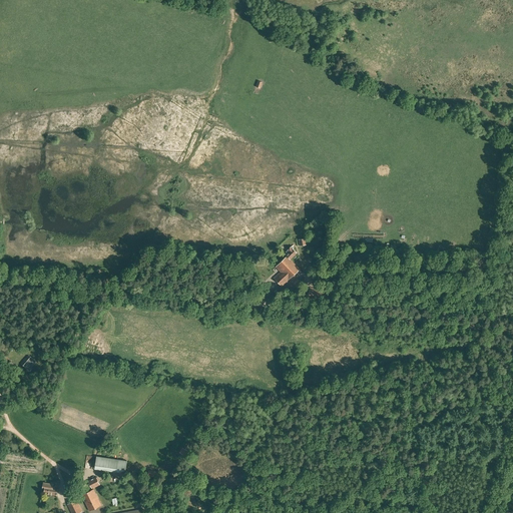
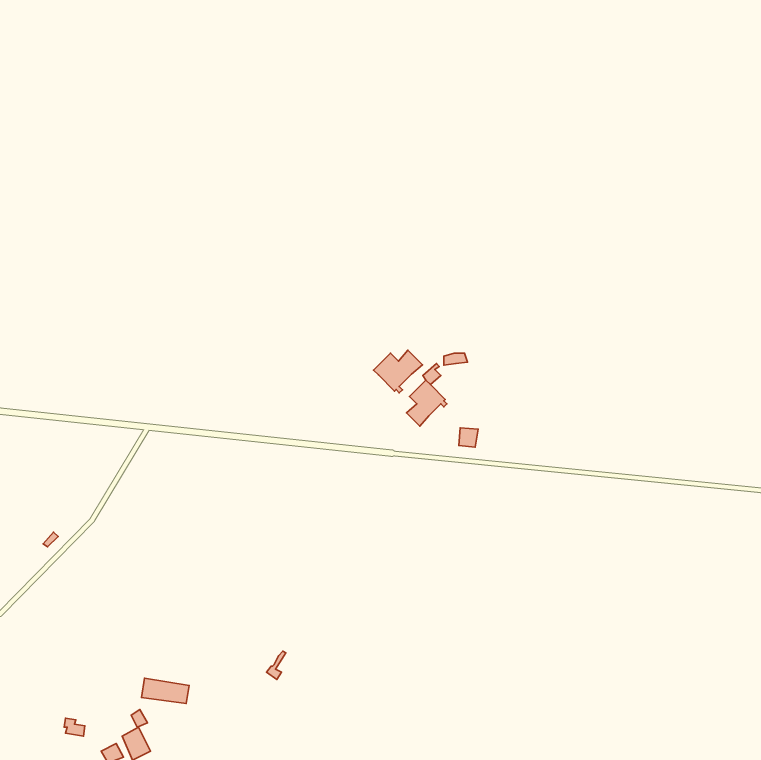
building: none -> [374,350,422,393]

